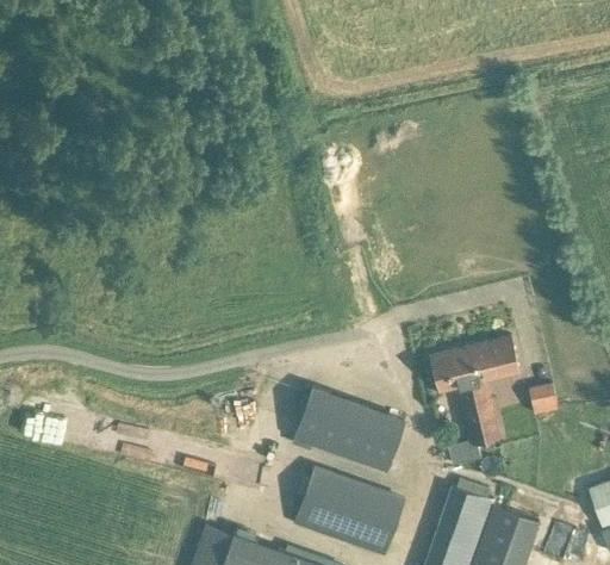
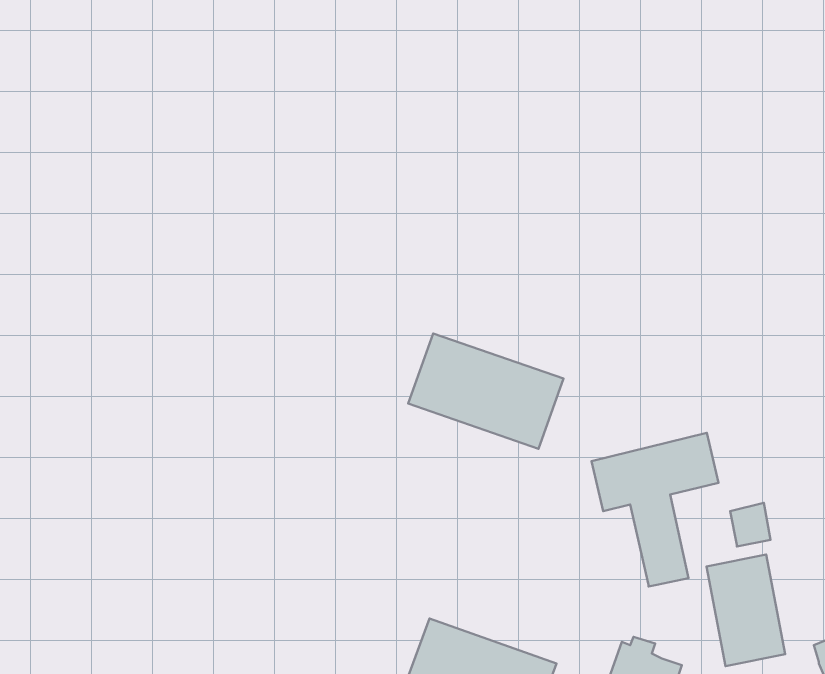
building: [295,387,406,470] -> [408,333,564,449]
building: none -> [707,555,785,666]

